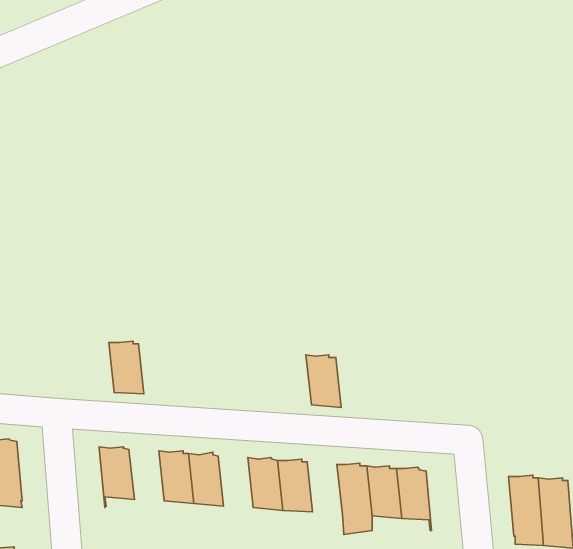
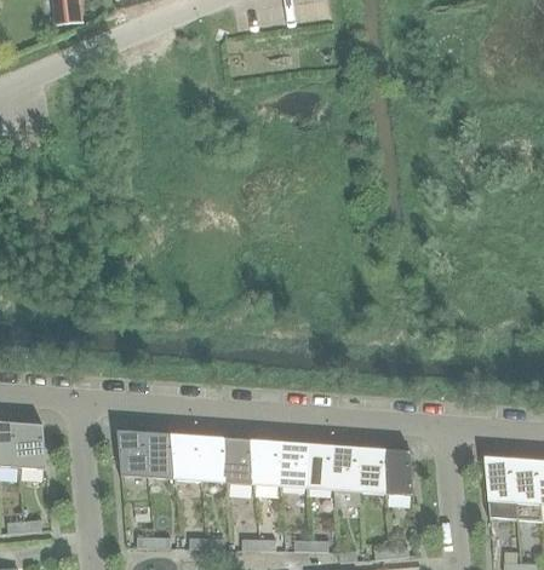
building: [109,341,144,394] -> [143,431,174,478]
building: [306,355,341,408] -> [303,443,334,490]
building: none -> [223,437,254,484]

